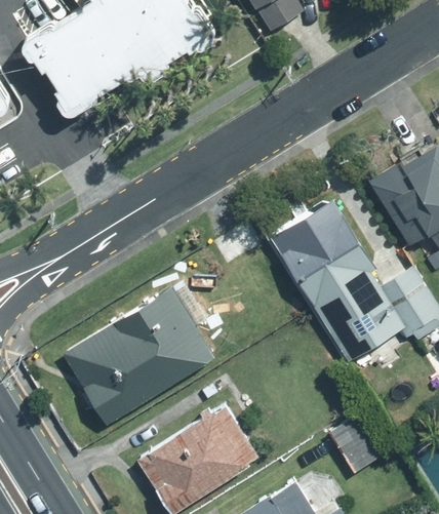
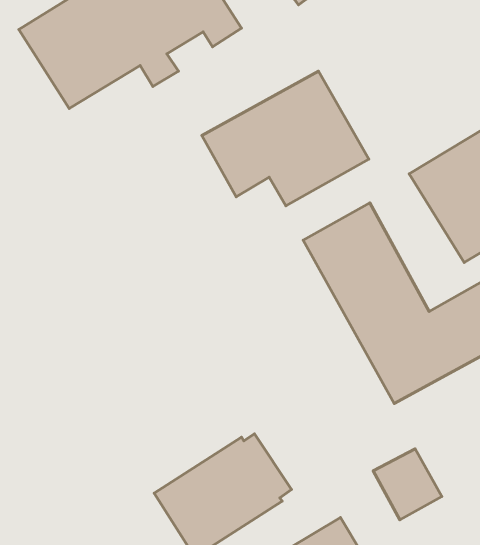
building: none -> [202,71,369,206]
building: [64,284,216,424] -> none

